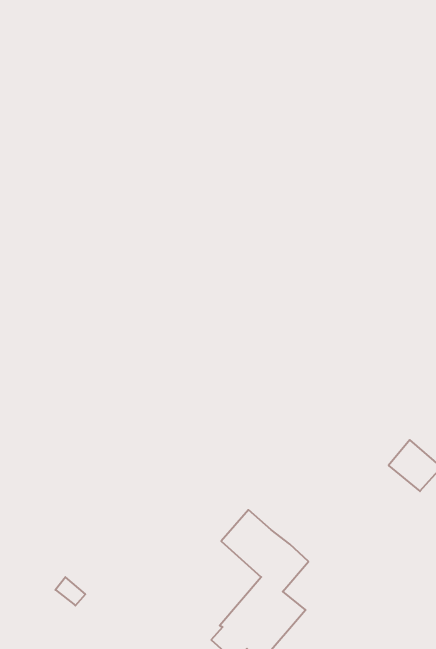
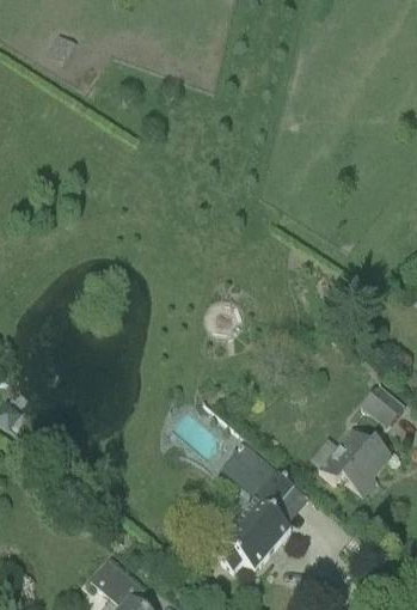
building: none -> [308,428,392,495]

